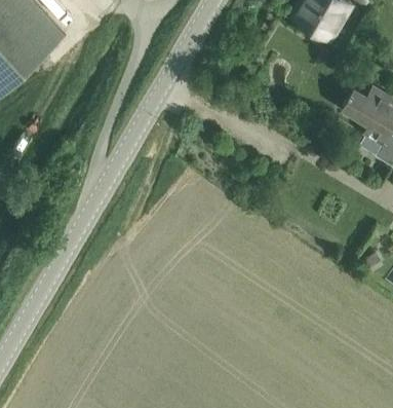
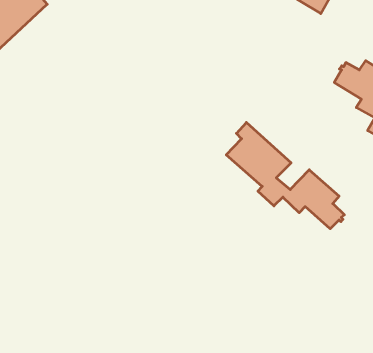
building: none -> [226,122,344,229]

